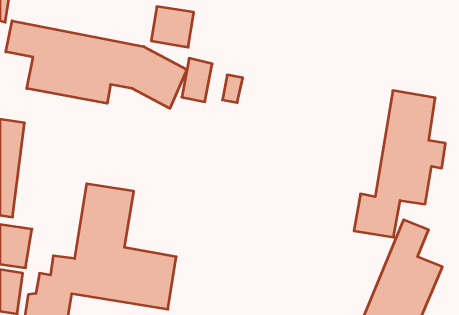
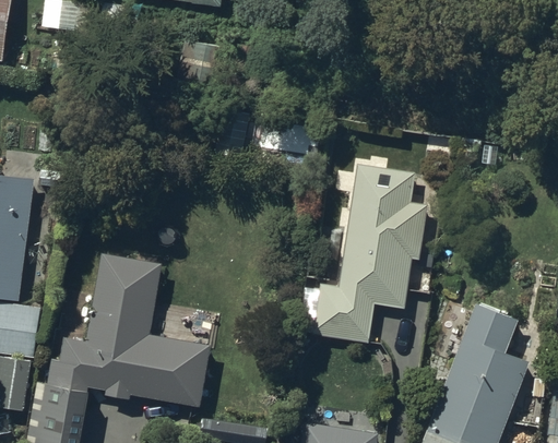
building: [6,21,187,108] -> none
building: [354,91,445,237] -> [314,156,423,330]

